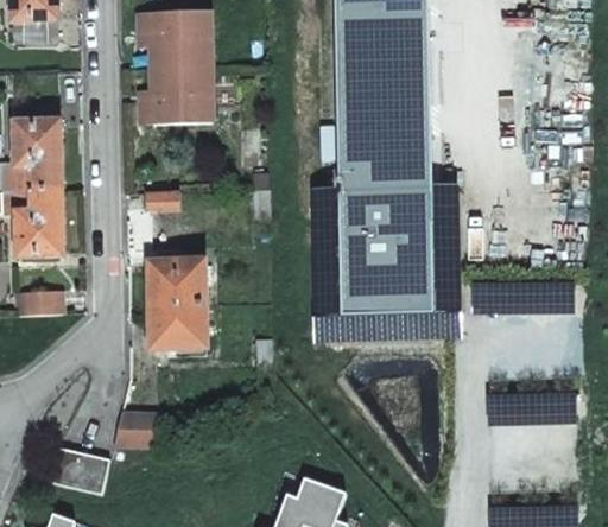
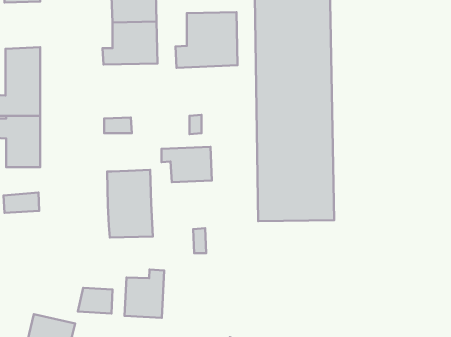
building: none -> [176,12,238,68]
building: none -> [161,147,212,182]
building: none -> [124,269,164,318]

